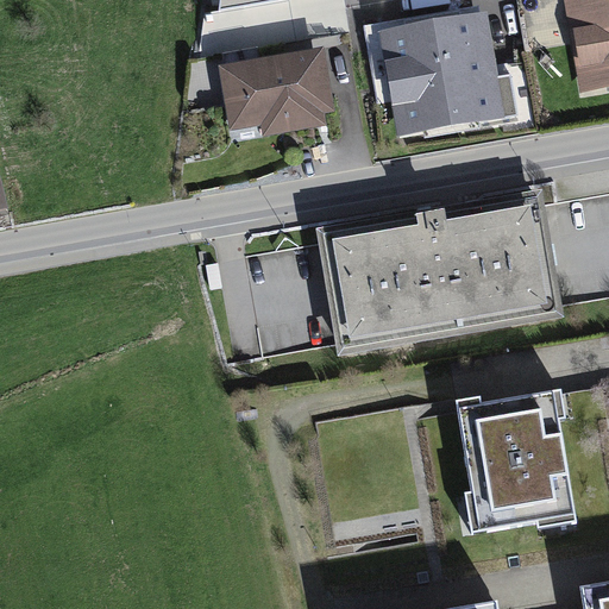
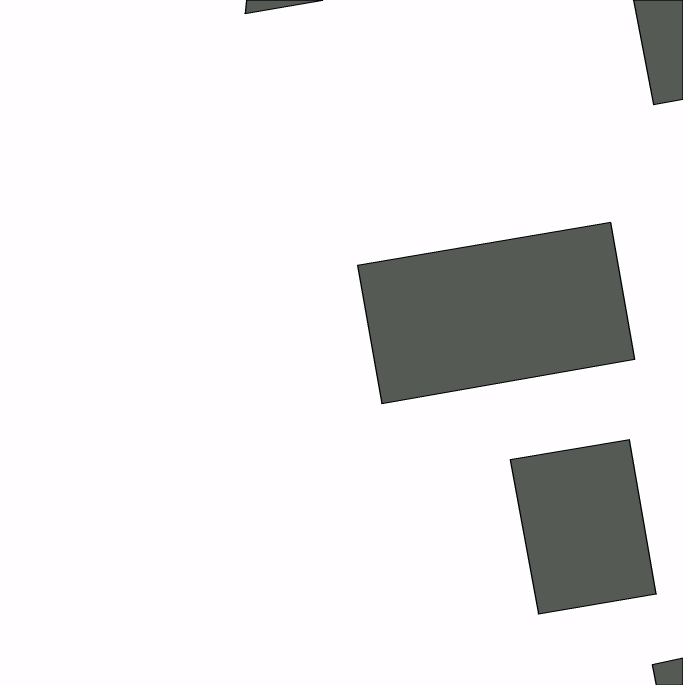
building: [377,7,516,134] -> none
building: [218,44,335,137] -> none

